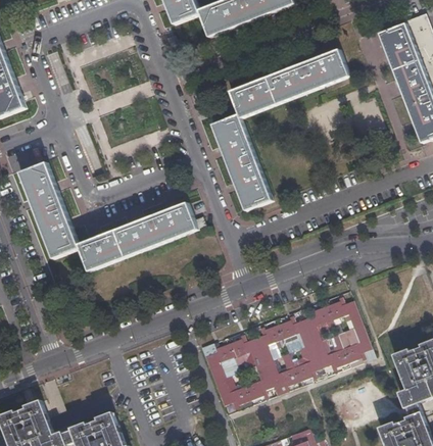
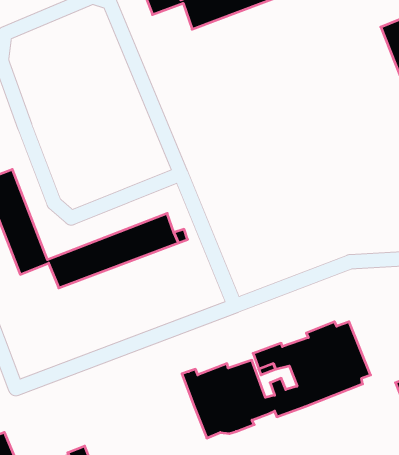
building: [212,49,348,209] -> none

